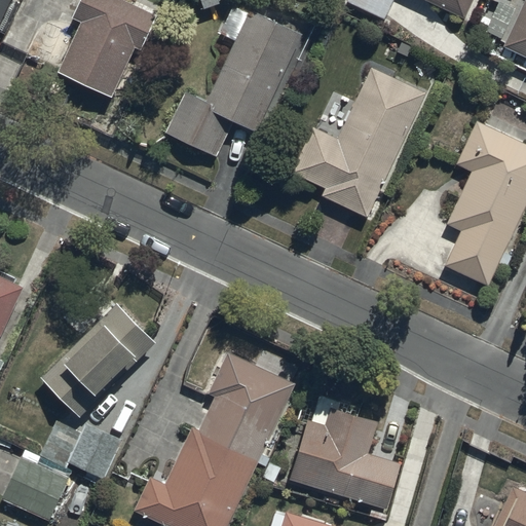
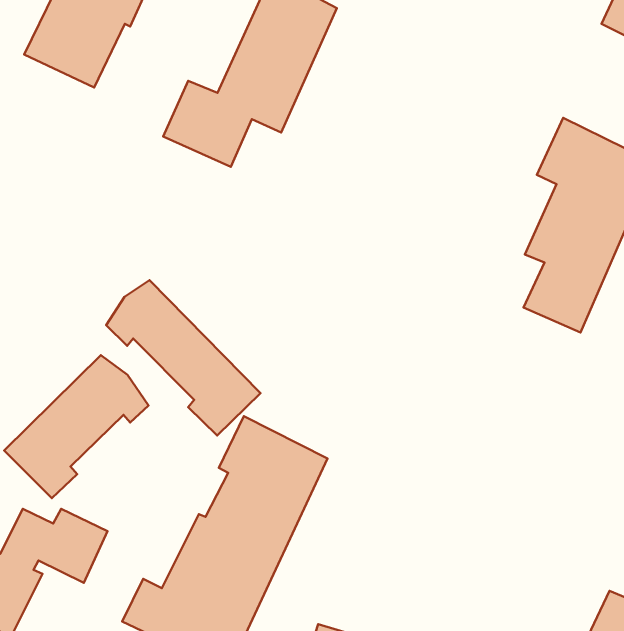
building: [292,67,424,218] -> none
building: none -> [106,280,261,435]
building: [290,390,402,510] -> none

